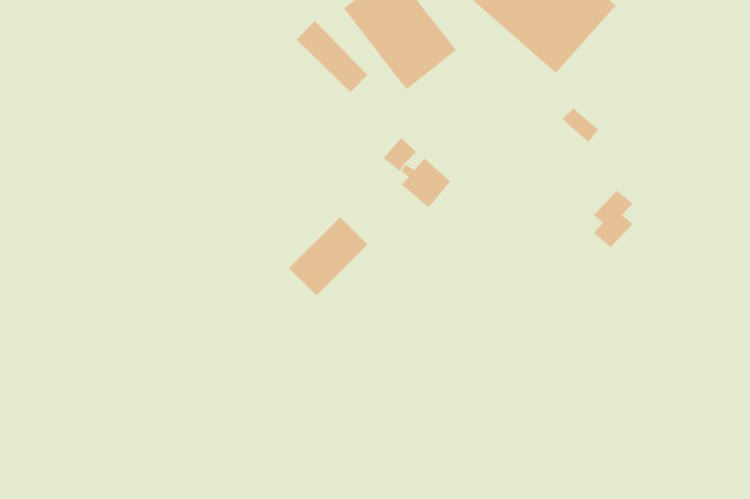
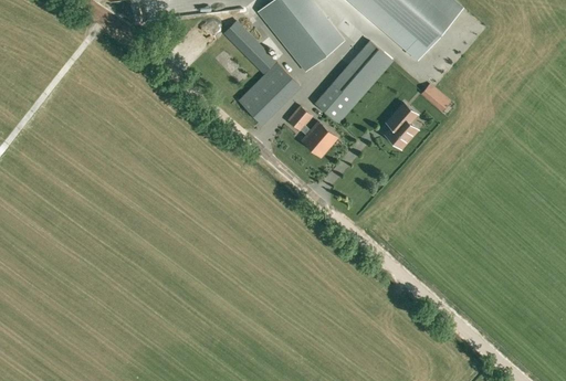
building: none -> [314,41,391,124]
building: [593,190,633,248] -> [386,104,416,147]
building: [288,216,368,296] -> [239,64,298,124]

